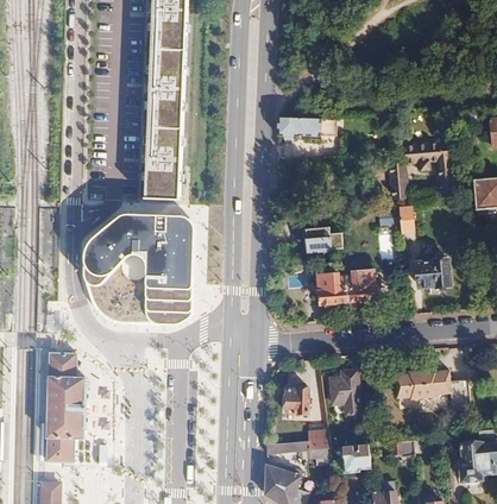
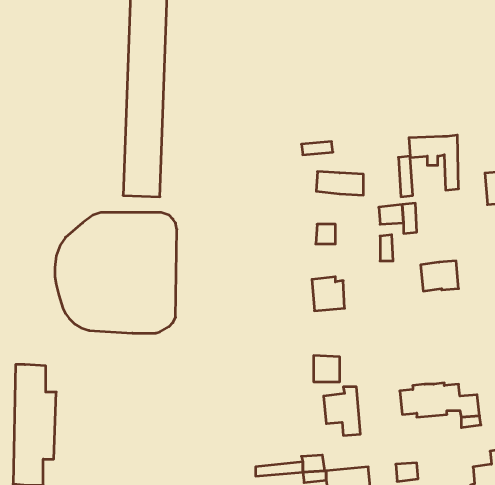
building: [277,116,320,138] -> [316,172,363,195]
building: [345,270,375,301] -> none
building: [285,390,309,414] -> [314,356,340,382]

